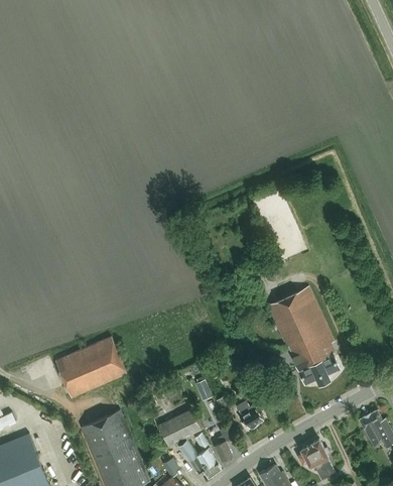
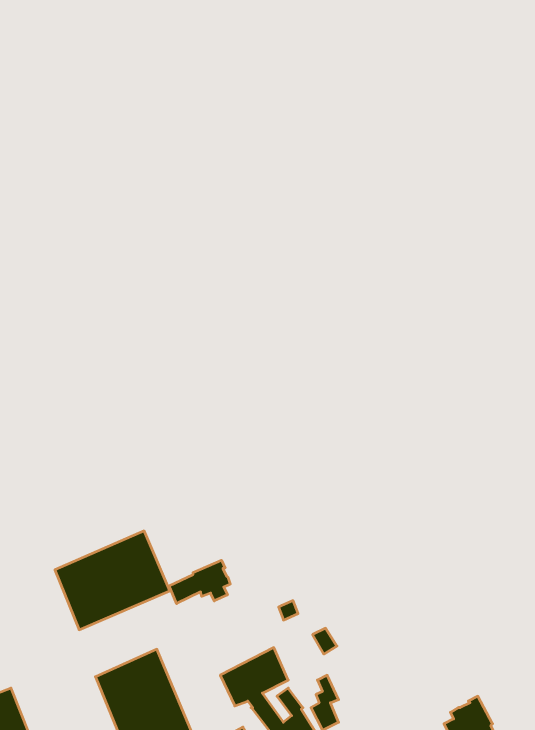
building: [267,287,339,384] -> none
building: none -> [169,560,230,604]
building: [236,400,264,430] -> none

